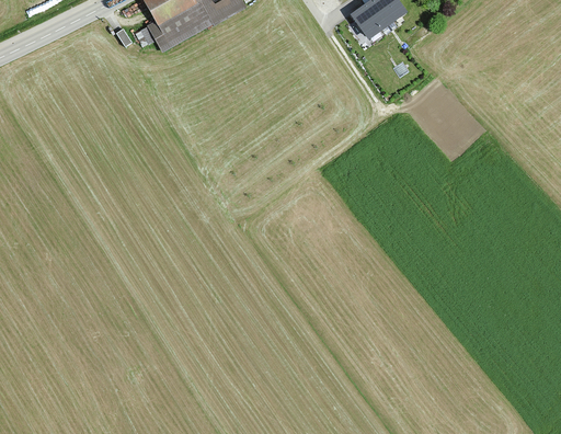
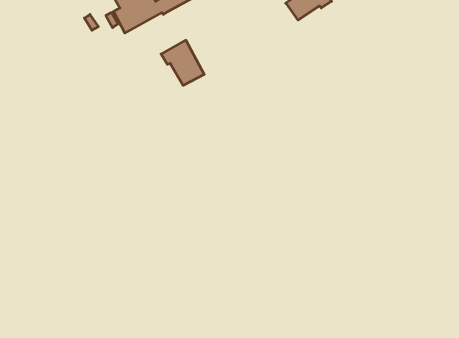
building: none -> [161,40,204,85]

